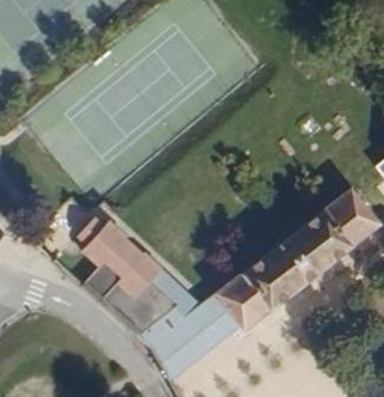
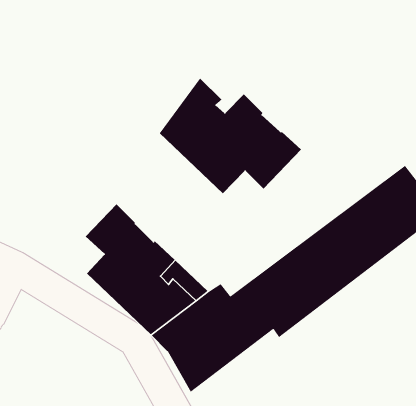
building: none -> [159,78,302,194]

